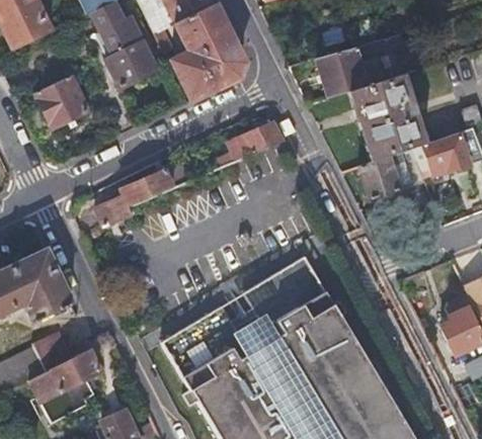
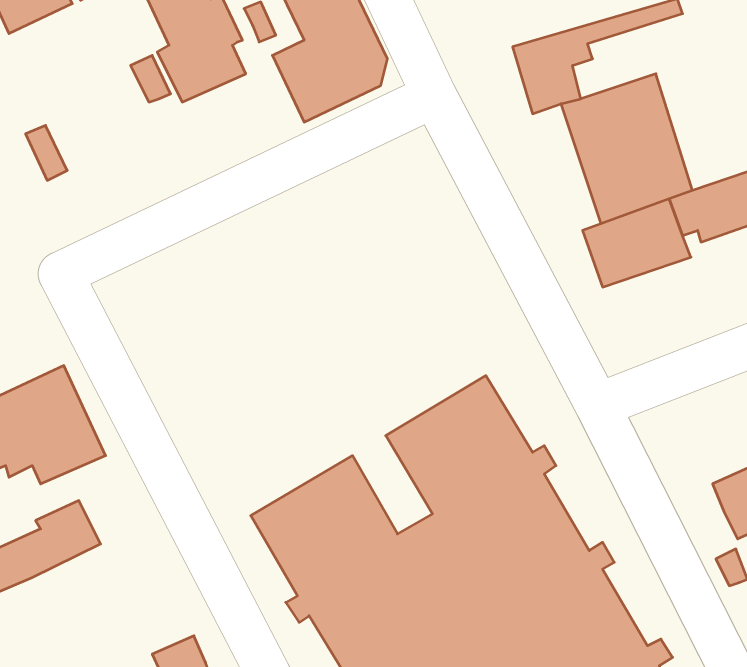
building: [34,75,89,128] -> none
building: [217,119,282,170] -> none
building: [97,169,176,225] -> none
building: [27,349,99,421] -> none

